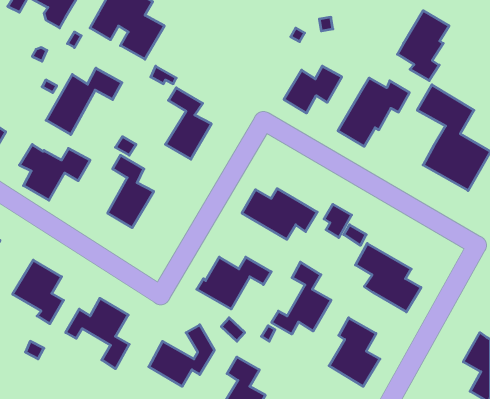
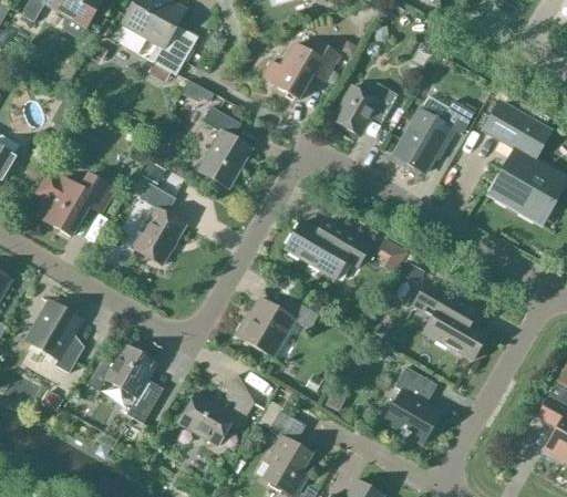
building: [397,11,449,81] -> none
building: none -> [261,41,339,100]
building: [46,68,122,135] -> none
building: [272,262,331,334] -> none

